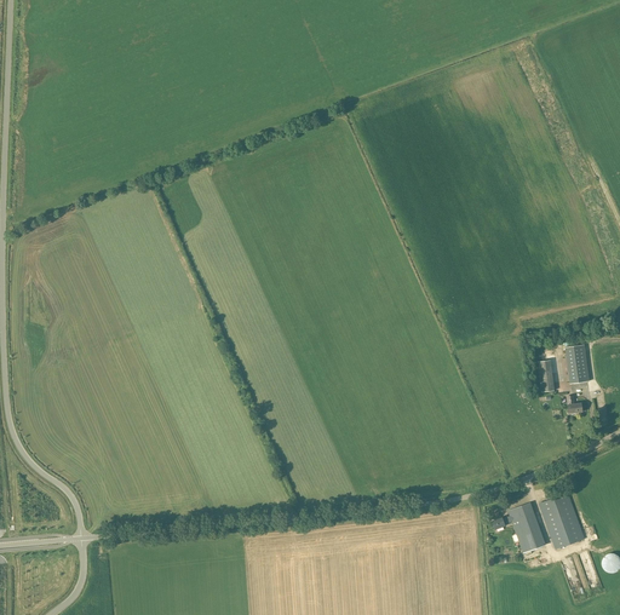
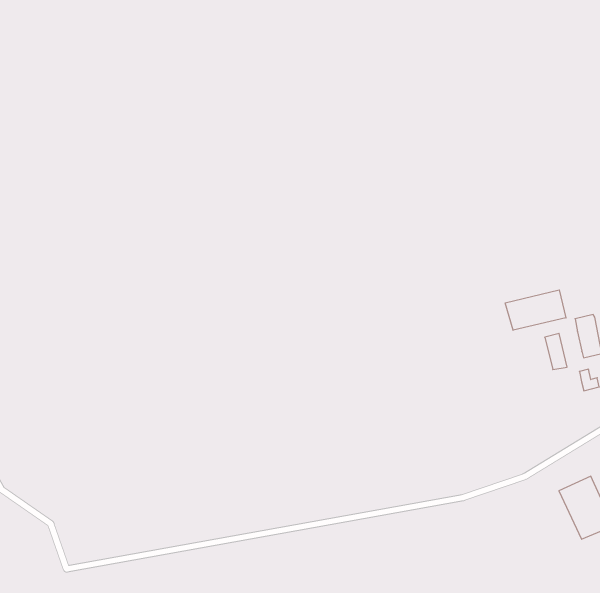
building: none -> [505,290,566,330]
building: [492,501,545,552] -> none

